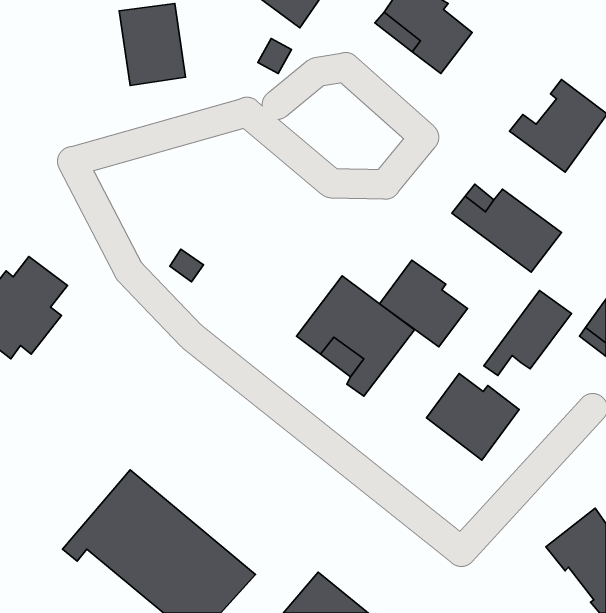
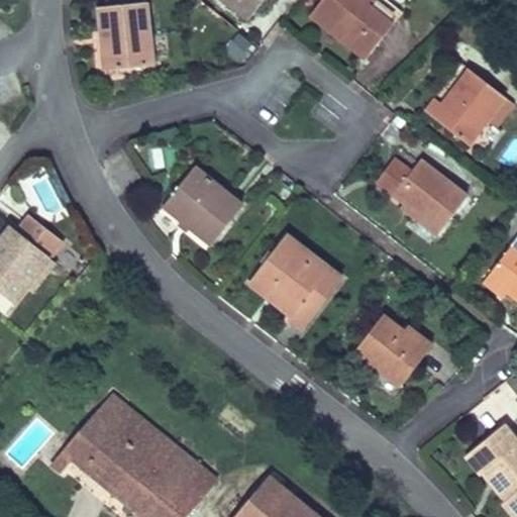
building: none -> [163,168,242,245]
building: [379,260,468,347] -> none
building: [484,290,572,375] -> none

